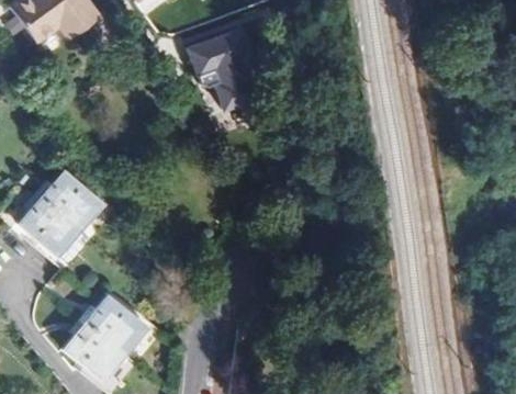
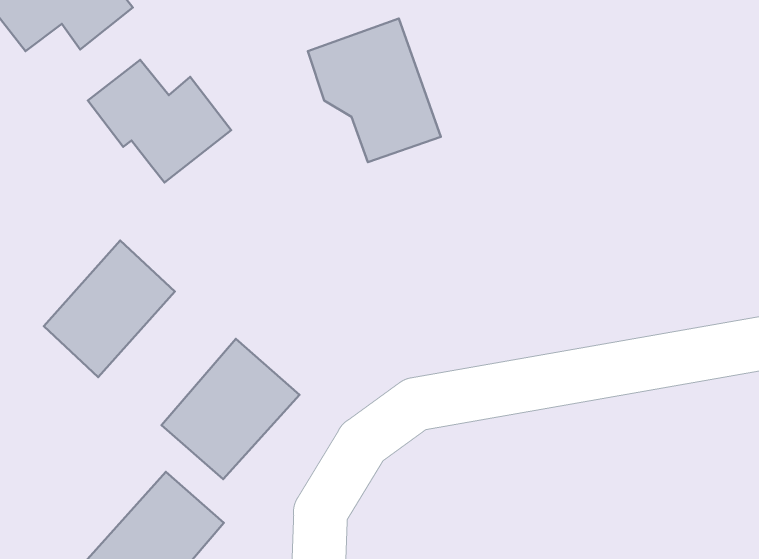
building: none -> [88,60,231,183]
building: none -> [162,339,299,479]

